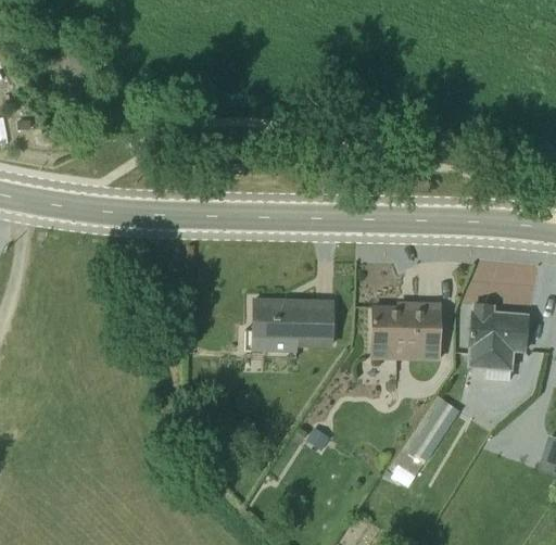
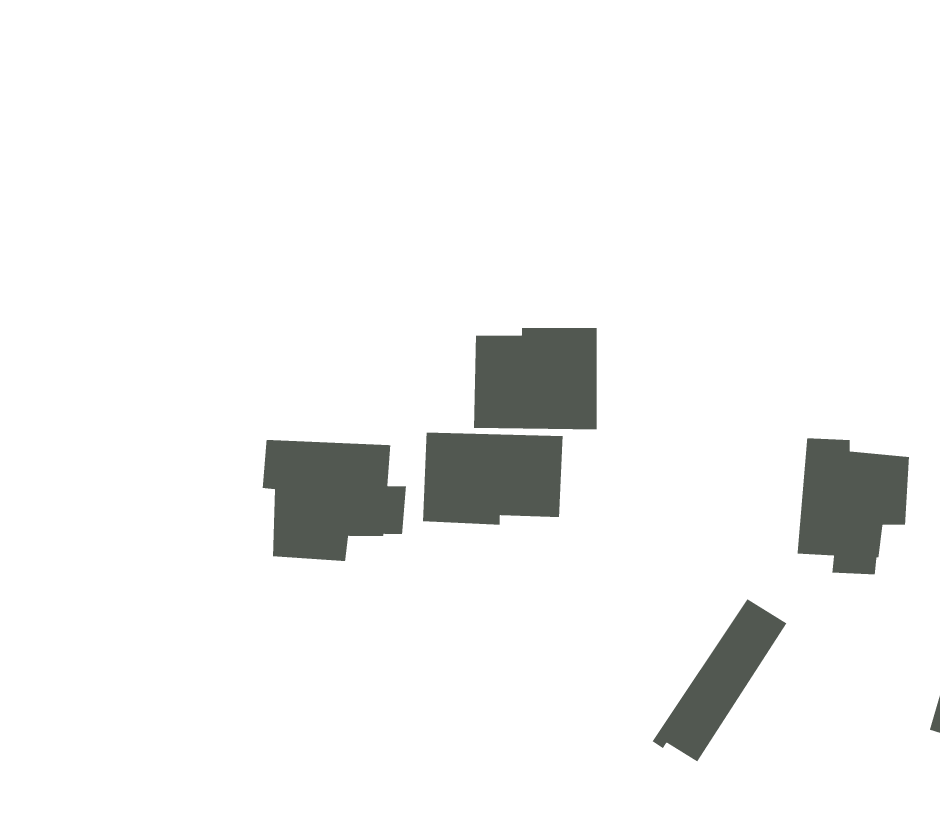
building: [371,300,442,358] -> [473,327,598,430]
building: none -> [262,439,407,562]

